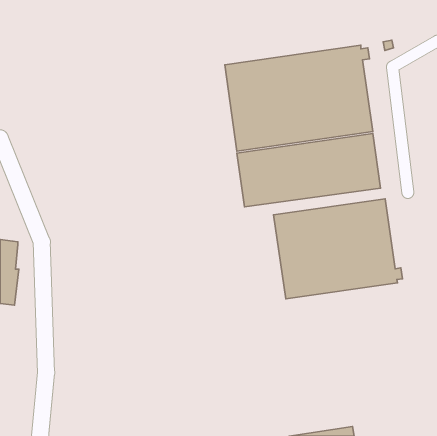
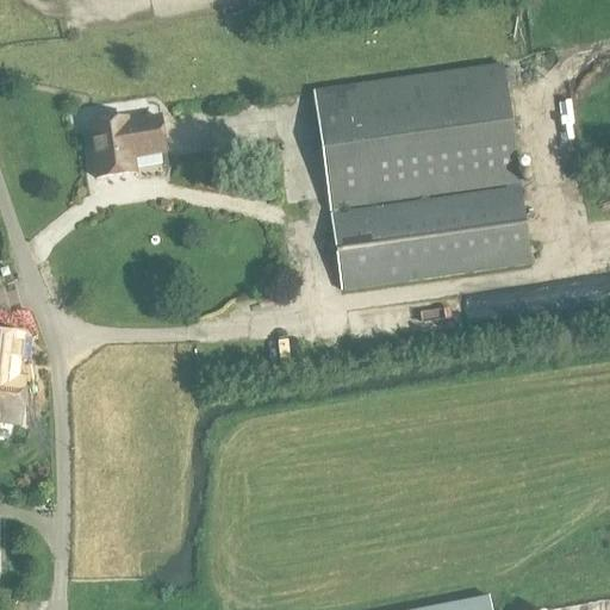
building: none -> [89,118,166,178]
building: [273,199,402,299] -> none

